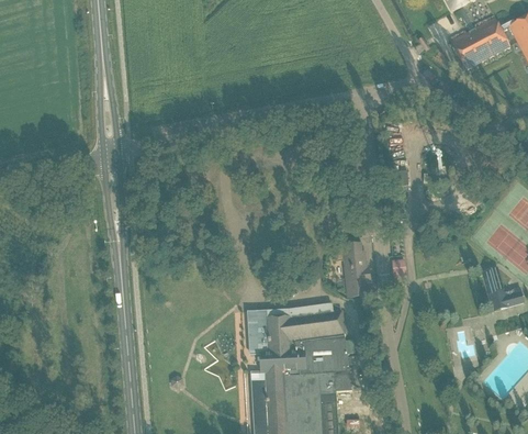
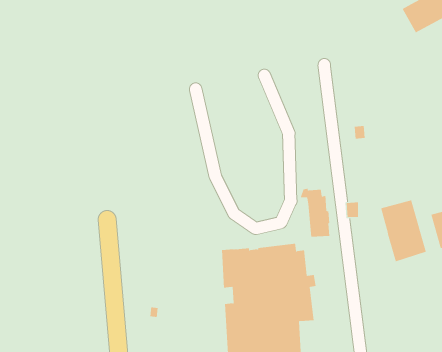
building: none -> [380,200,427,262]

